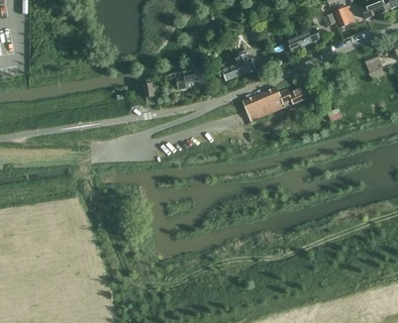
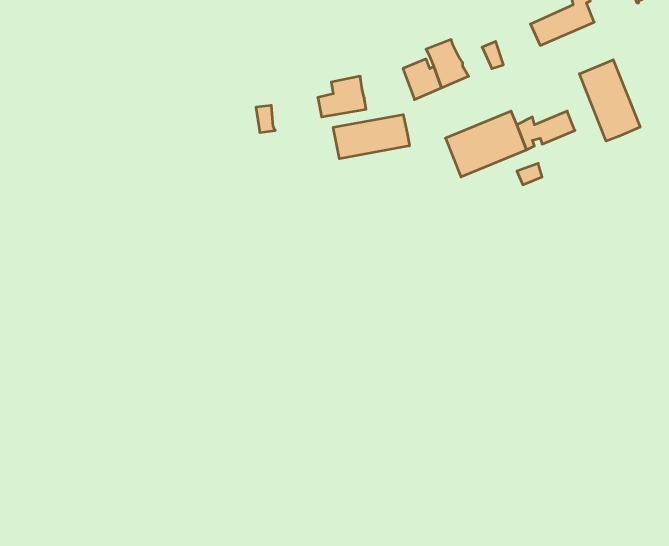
building: none -> [579,60,640,141]
building: none -> [333,115,409,159]

